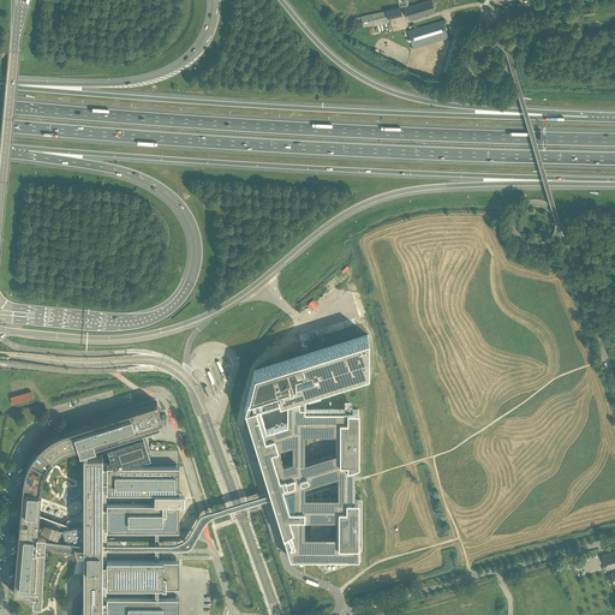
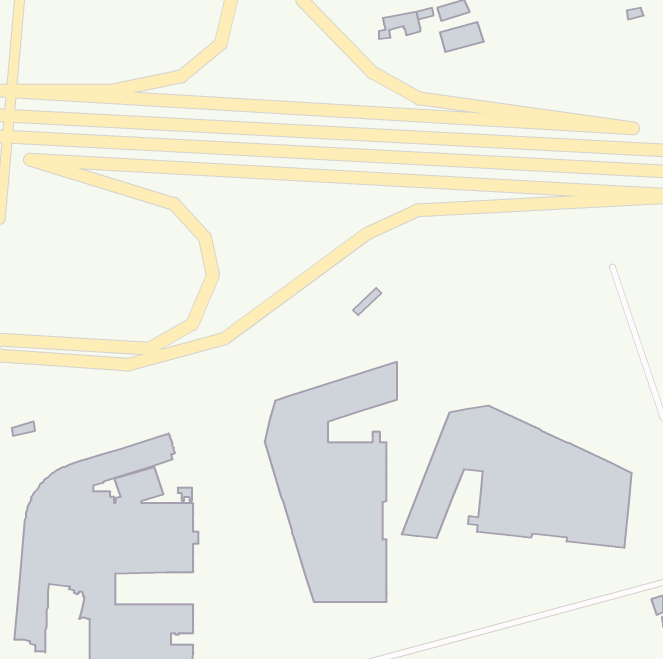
building: none -> [402,406,632,548]

